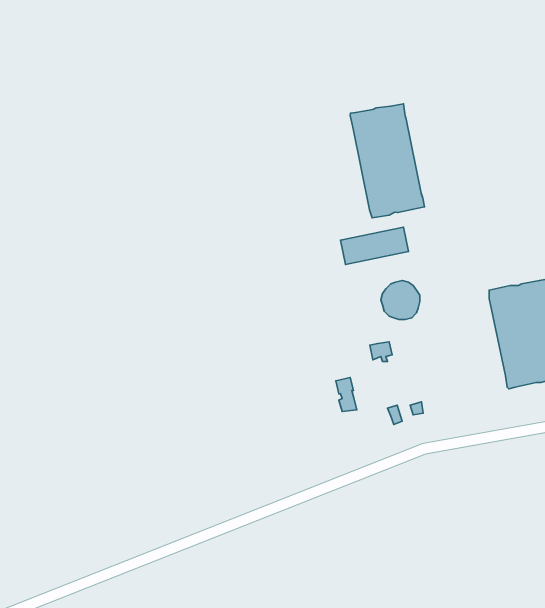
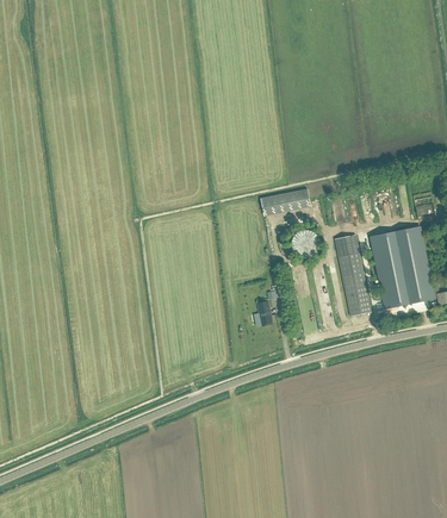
building: [350,104,425,218] -> none
building: none -> [335,233,372,313]

